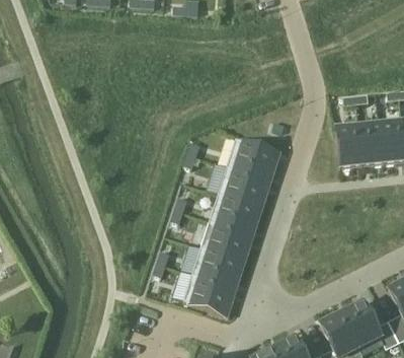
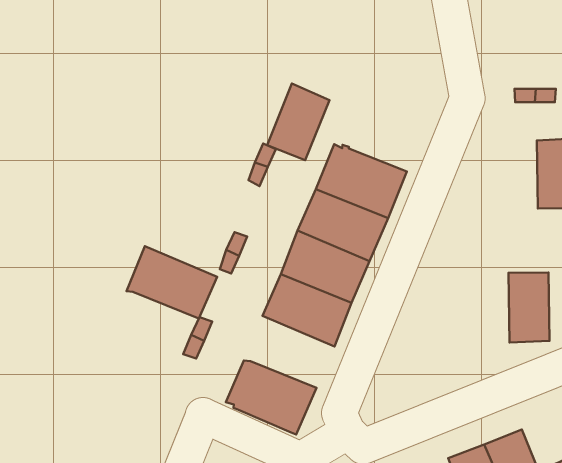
building: none -> [267,83,329,160]
building: [334,124,362,168] -> [509,273,550,342]
building: [190,244,245,286] -> [126,246,217,319]

